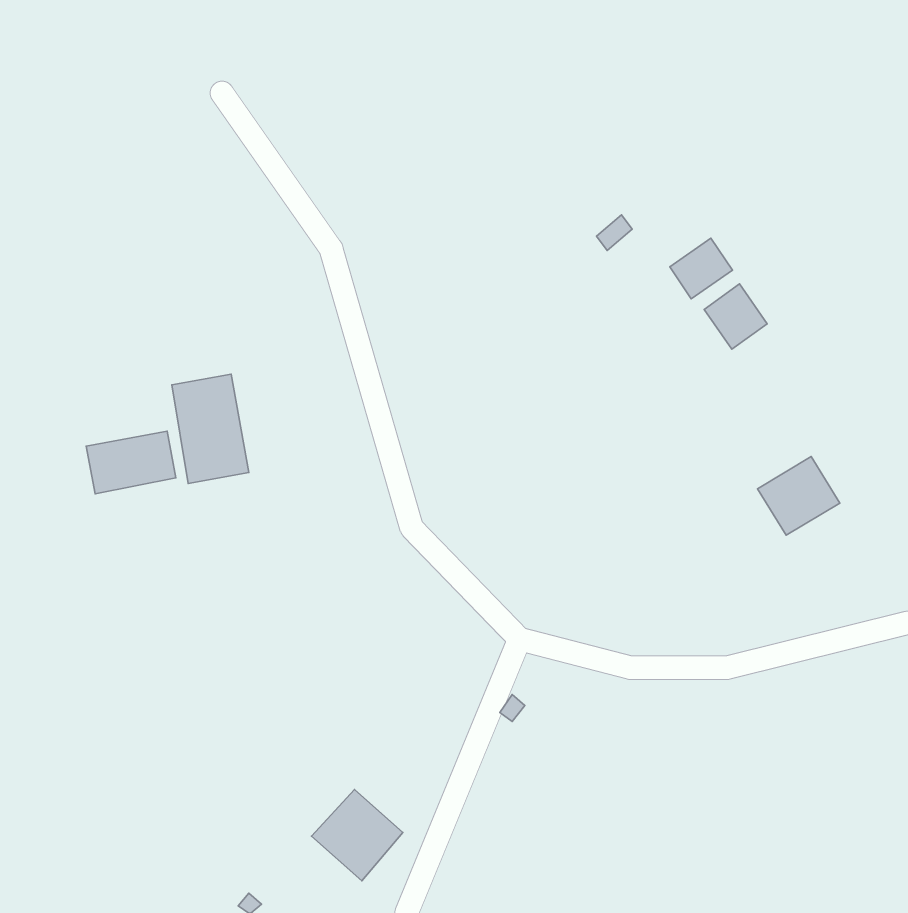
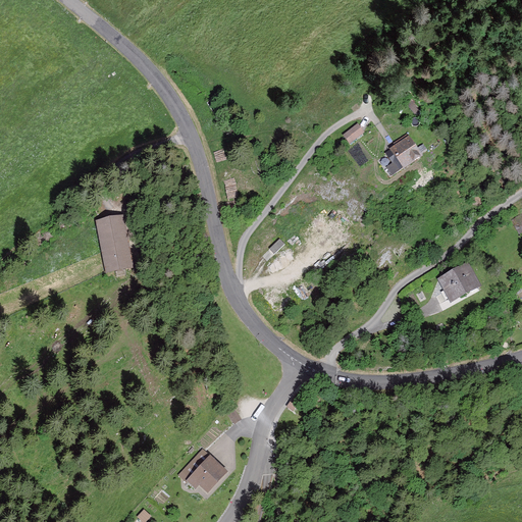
building: [704,284,767,349] -> none
building: [86,431,176,494] -> none

